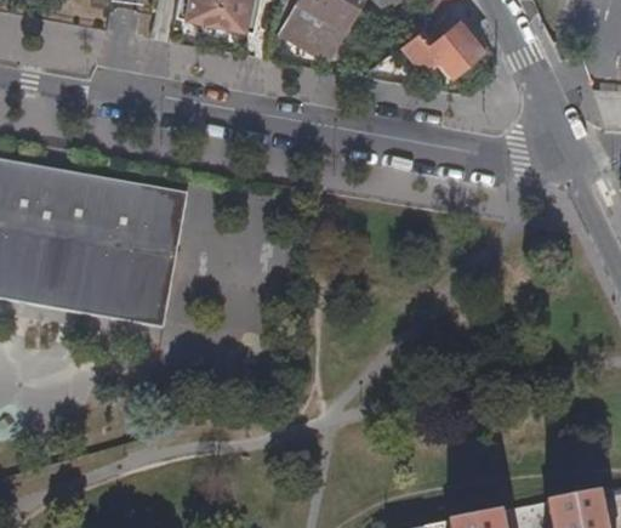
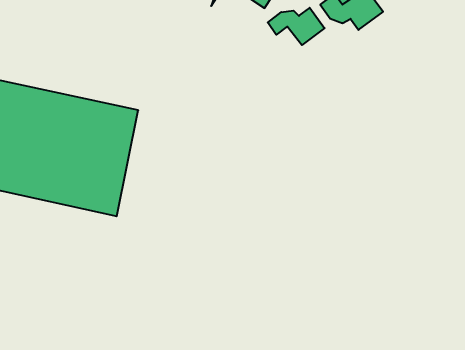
building: none -> [268,8,325,45]

